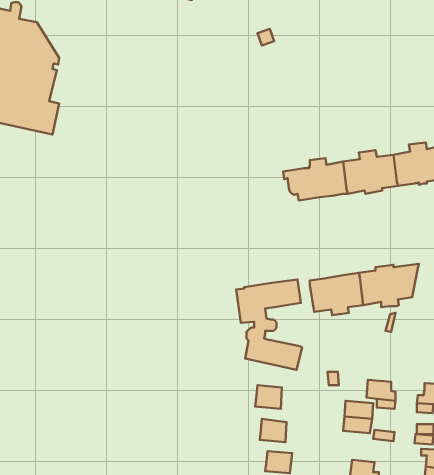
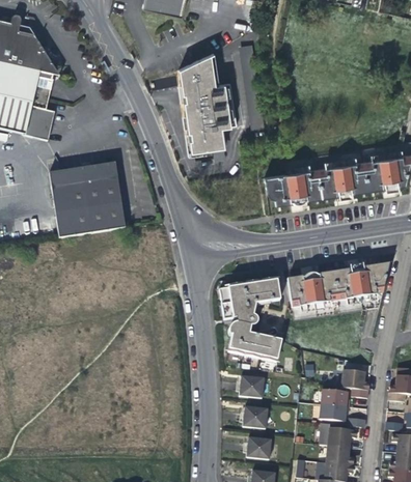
building: none -> [180,50,235,148]
building: none -> [48,162,124,237]
building: none -> [320,421,357,446]

